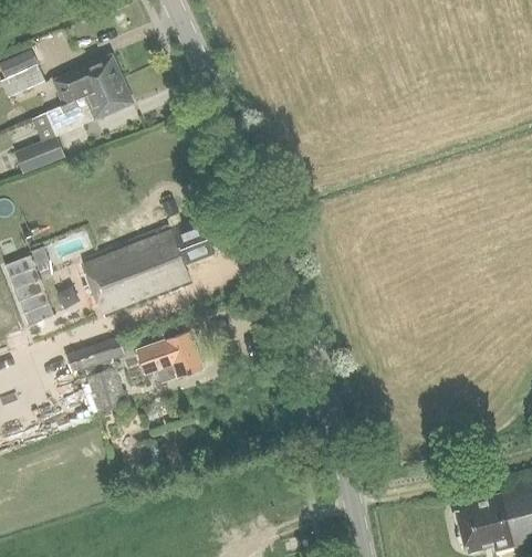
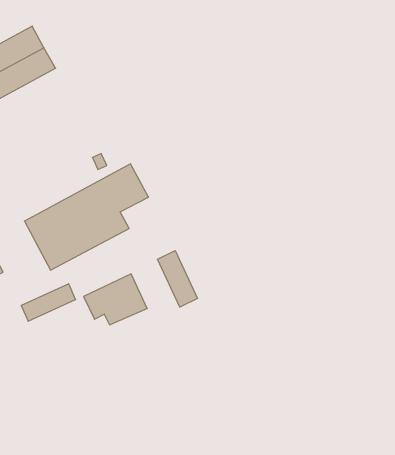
building: none -> [157,251,198,307]
building: [86,365,127,411] -> none

